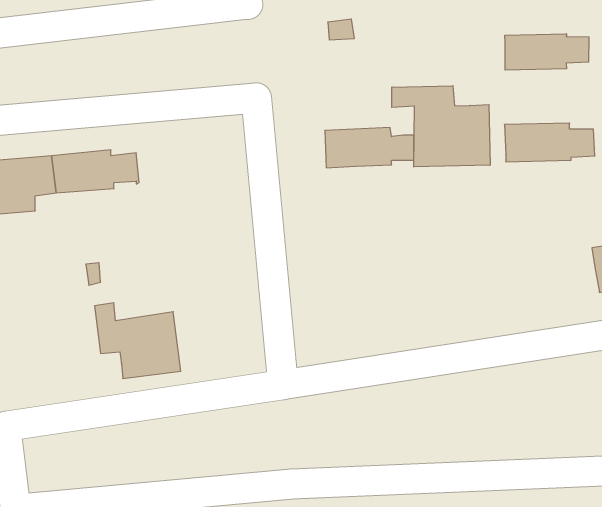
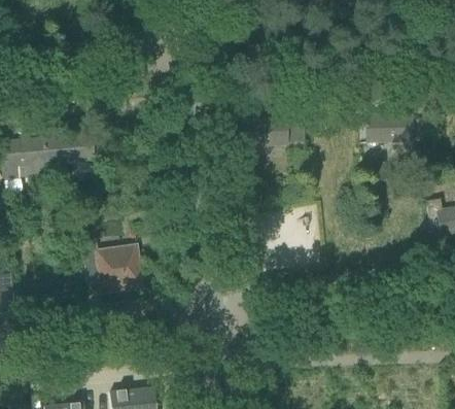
building: [505,34,589,70] -> none
building: [392,86,490,167] -> none

